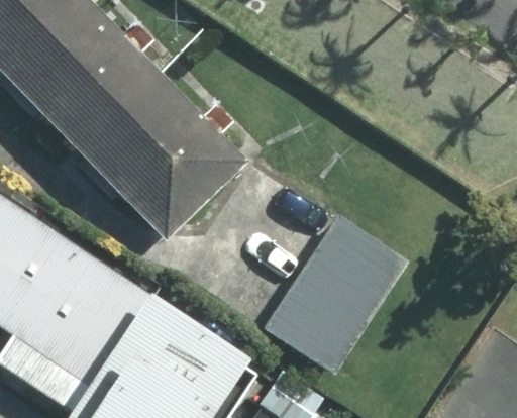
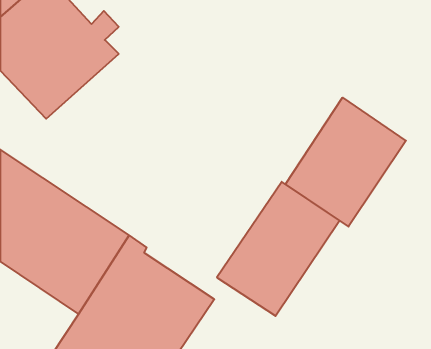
building: [65,72,232,237] -> none
building: none -> [286,98,406,227]

